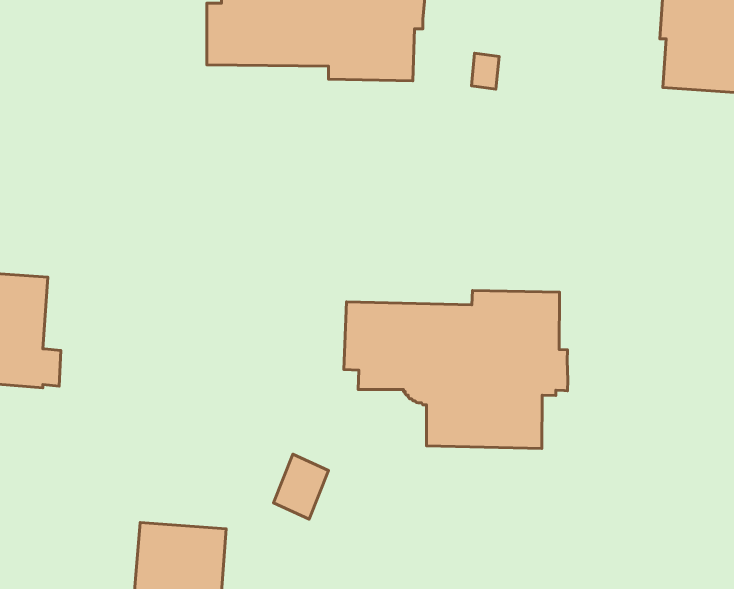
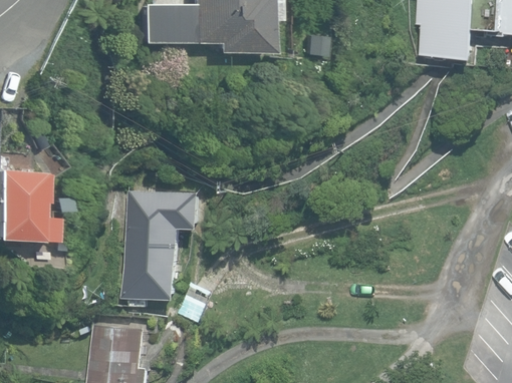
building: [344,291,568,449] -> none
building: none -> [125,192,199,298]

